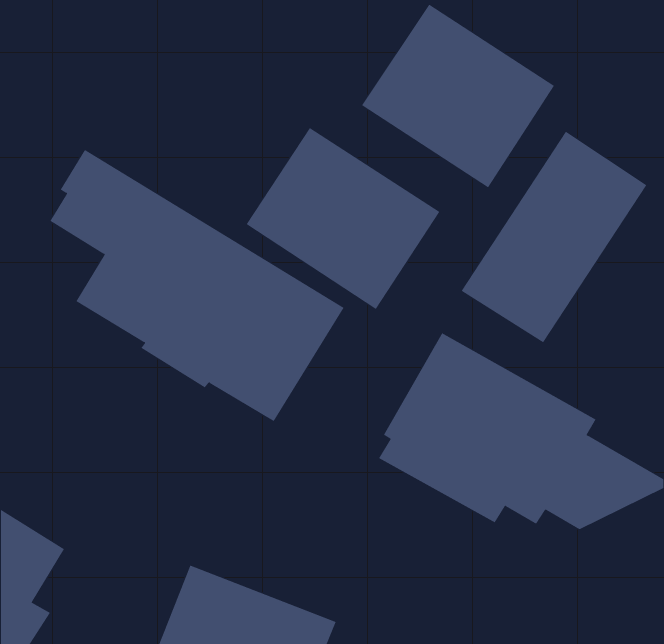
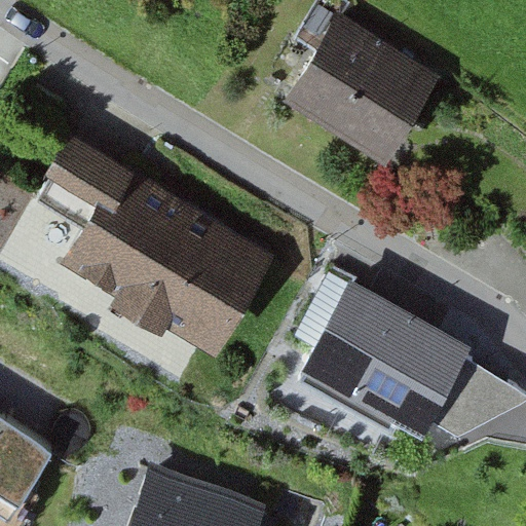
building: [246,127,440,310] -> none
building: [461,131,647,343] -> none

